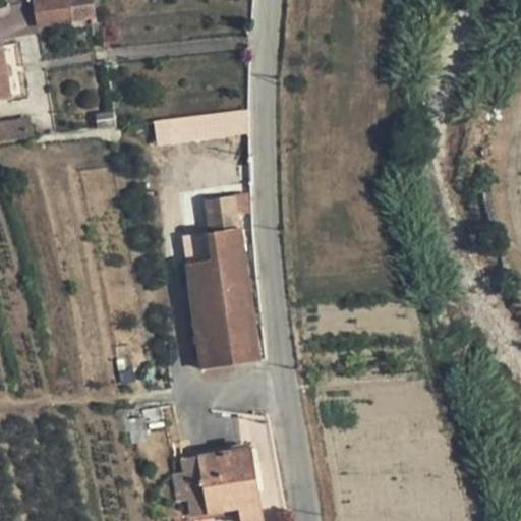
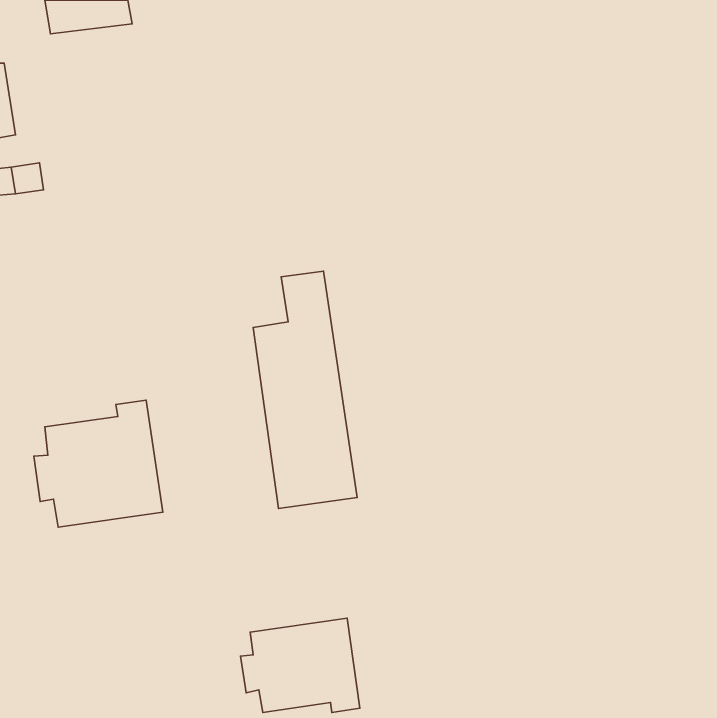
building: [152,111,249,144] -> none
building: none -> [34,400,163,527]

